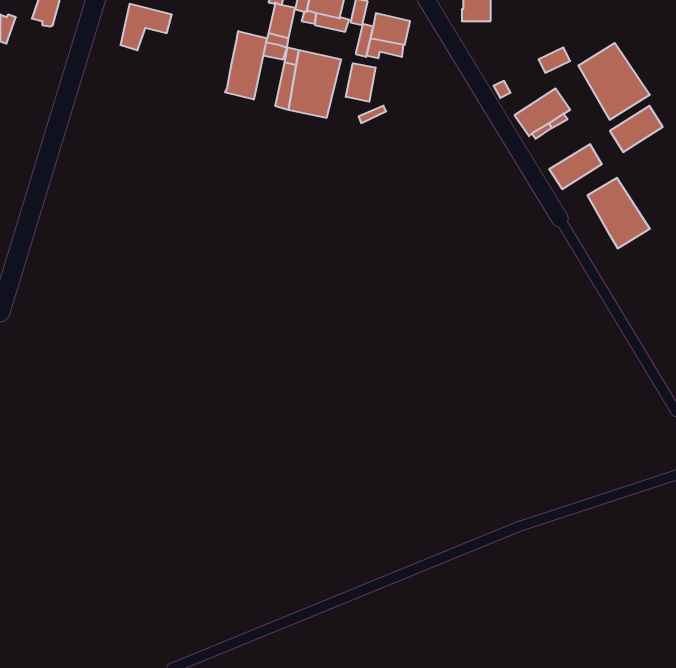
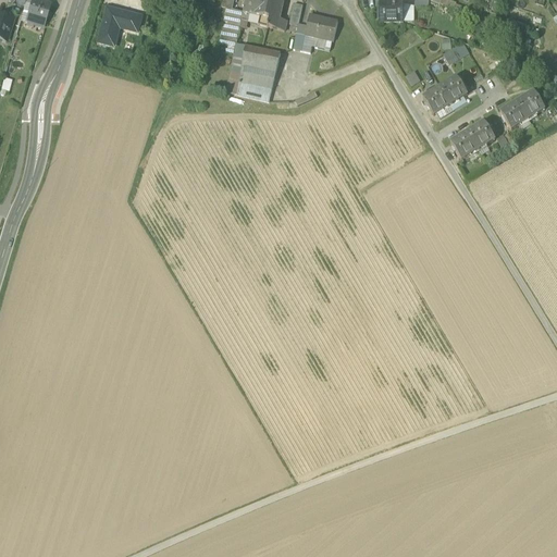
building: [225,31,267,100] -> none
building: [578,43,650,120] -> none
building: [346,63,376,102] -> none
building: [588,178,650,249] -> none

